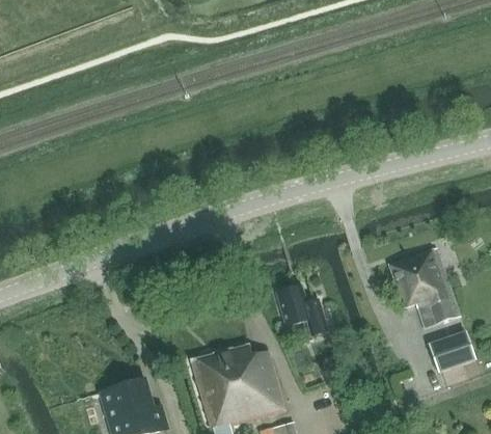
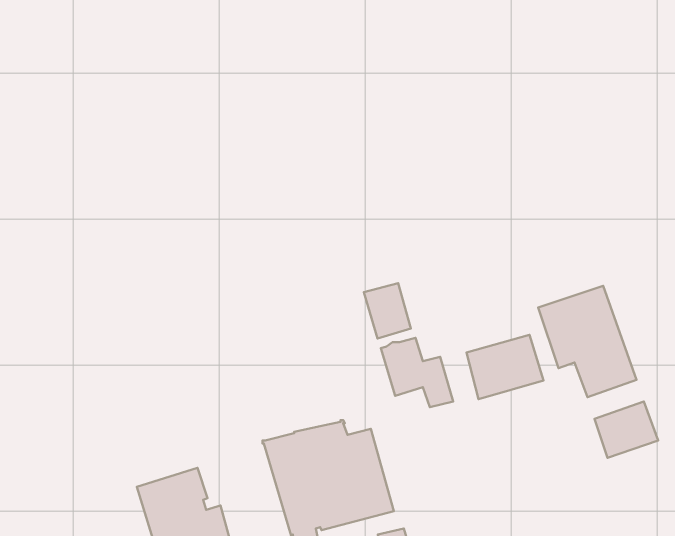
building: none -> [364,283,411,338]
building: none -> [466,335,543,399]

